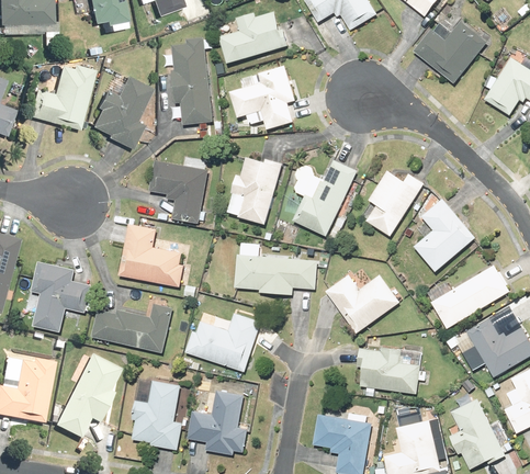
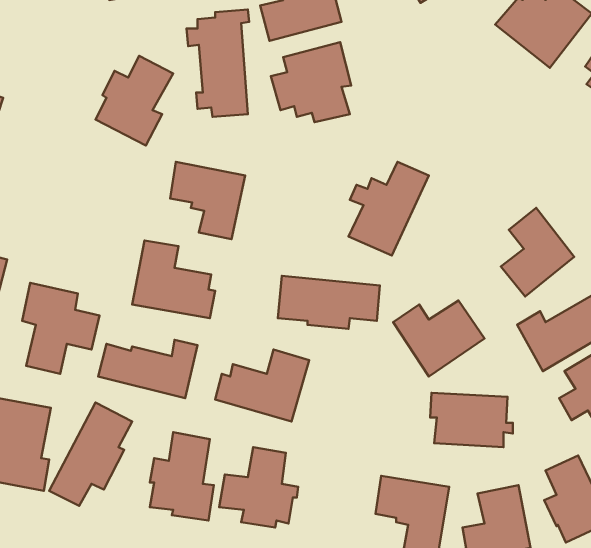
building: [26,55,92,127] -> none
building: [228,154,281,225] -> none
building: [367,169,422,235] -> none

